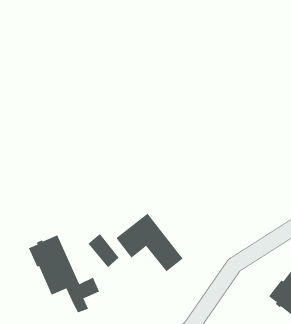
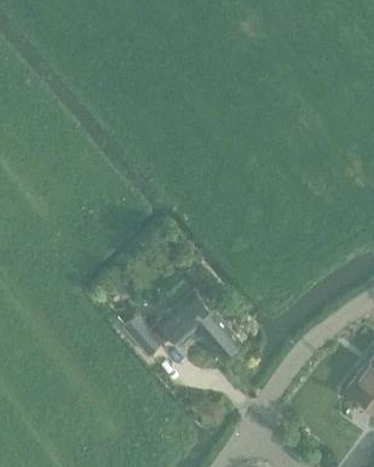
building: [28,234,100,313] -> none

